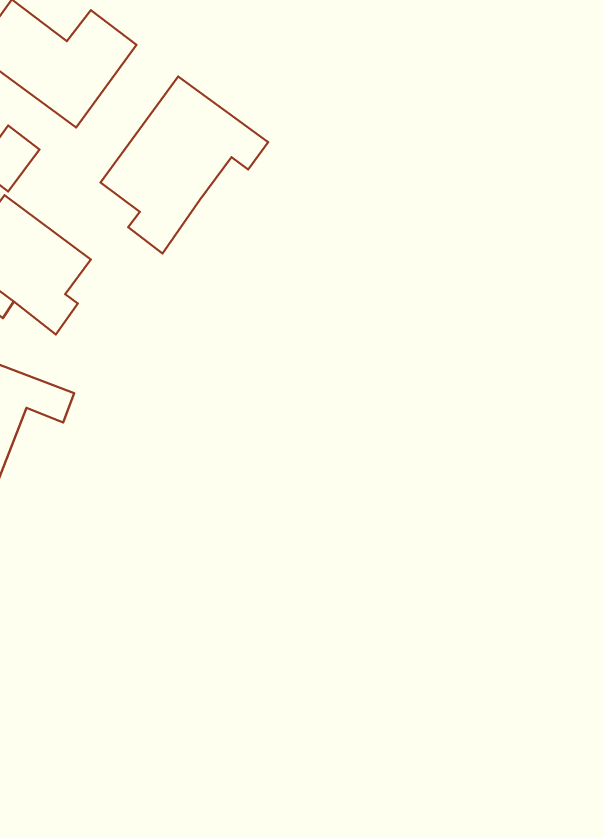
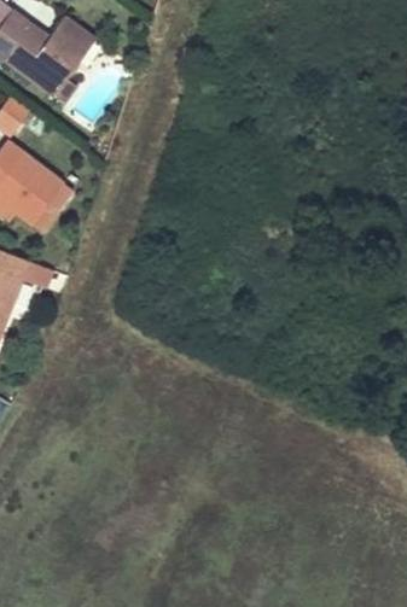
building: [101,76,268,254] -> none

